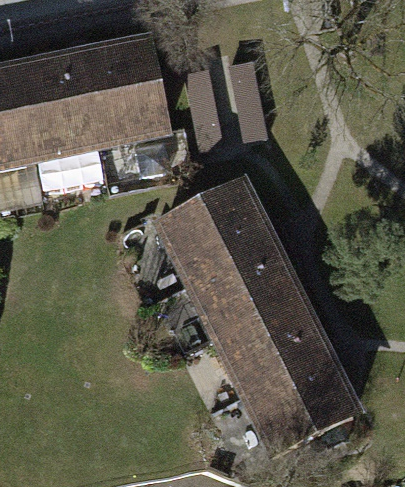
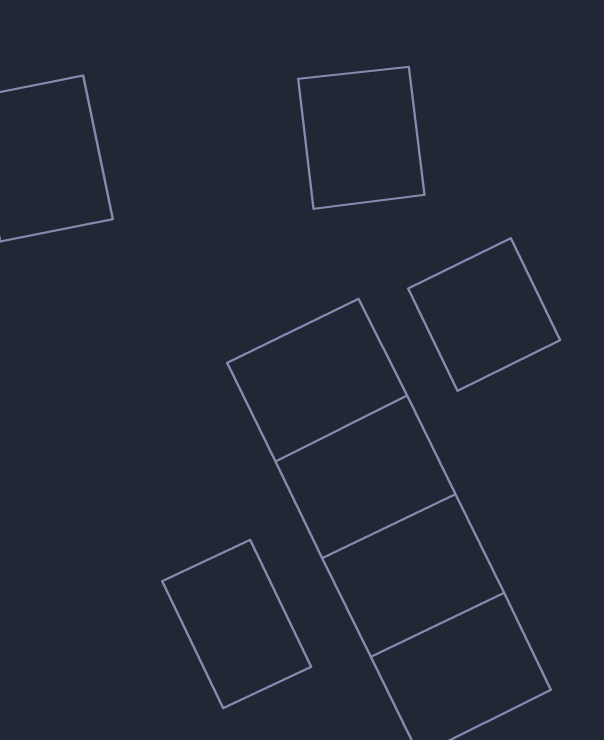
building: [79,42,161,138] -> none
building: none -> [408,238,560,391]
building: none -> [162,540,311,708]

